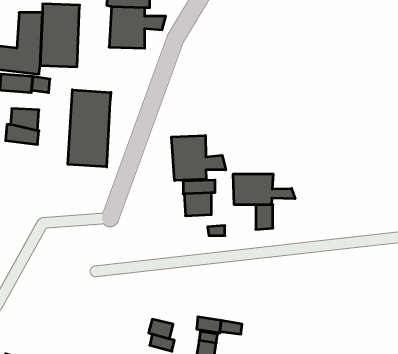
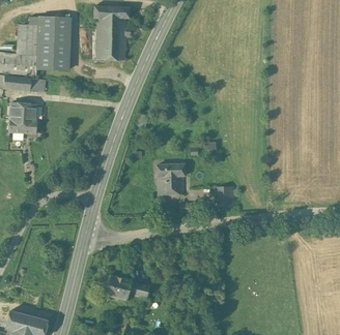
building: [68,90,111,167] -> none
building: [172,135,226,181] -> none
building: [233,174,295,205] -> none
building: none -> [105,275,132,300]

